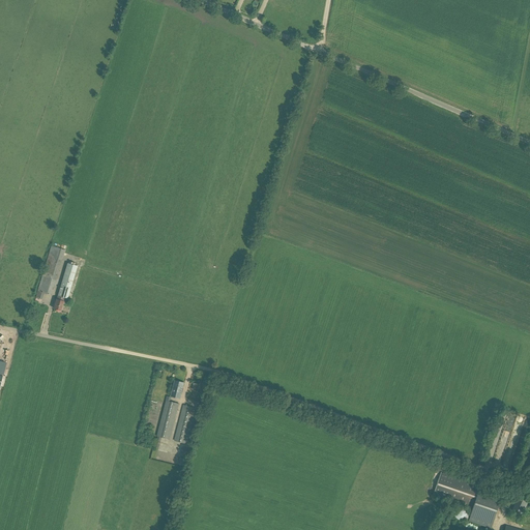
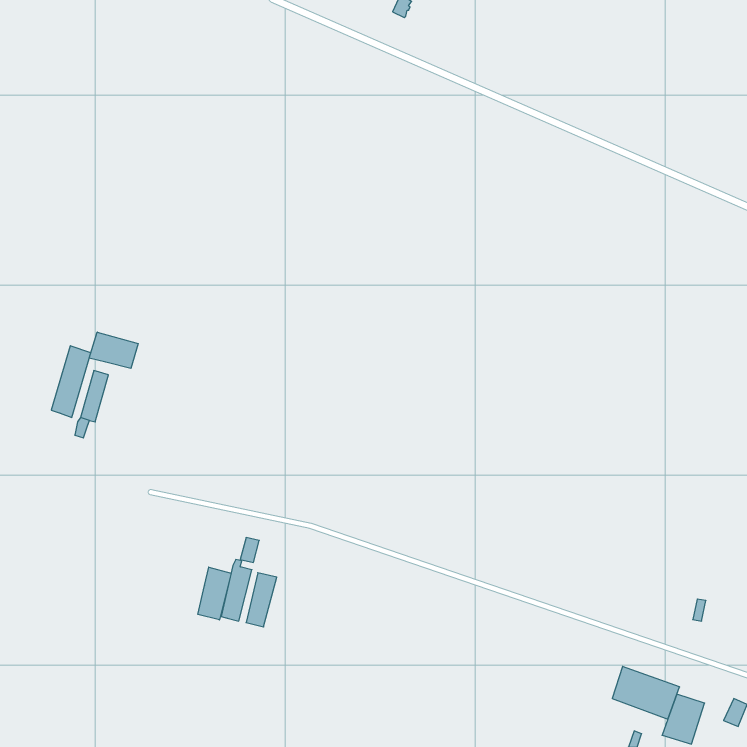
building: none -> [89,332,138,368]
building: none -> [198,567,231,620]

